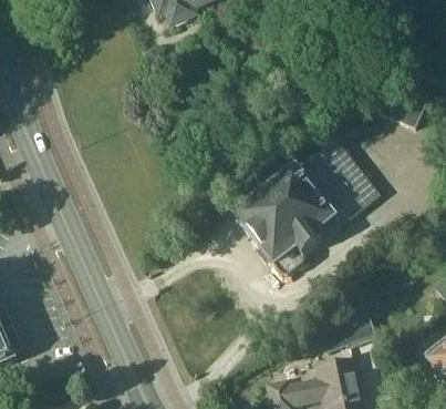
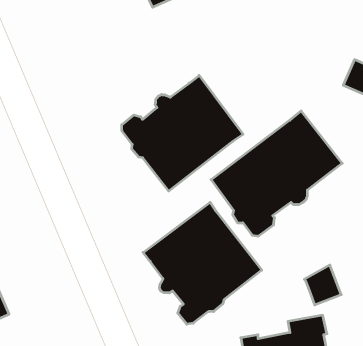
building: none -> [122,75,243,191]
building: none -> [143,202,262,324]

